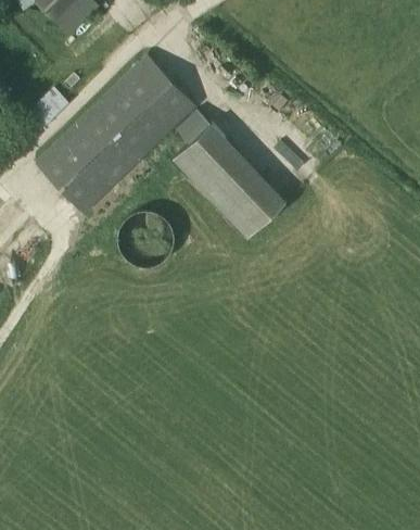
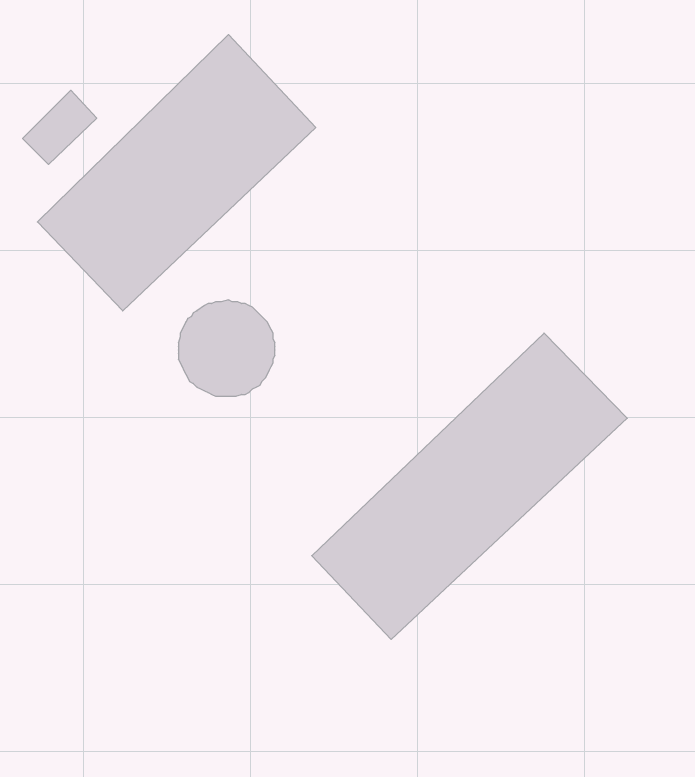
building: [170,122,285,238] -> none
building: none -> [312,333,627,639]

